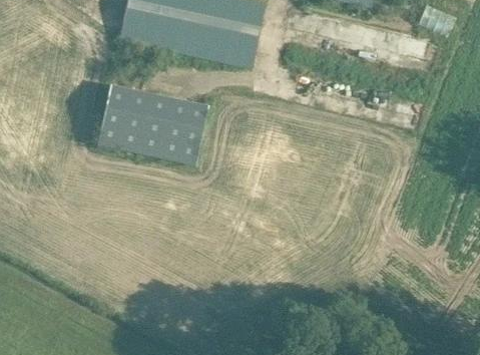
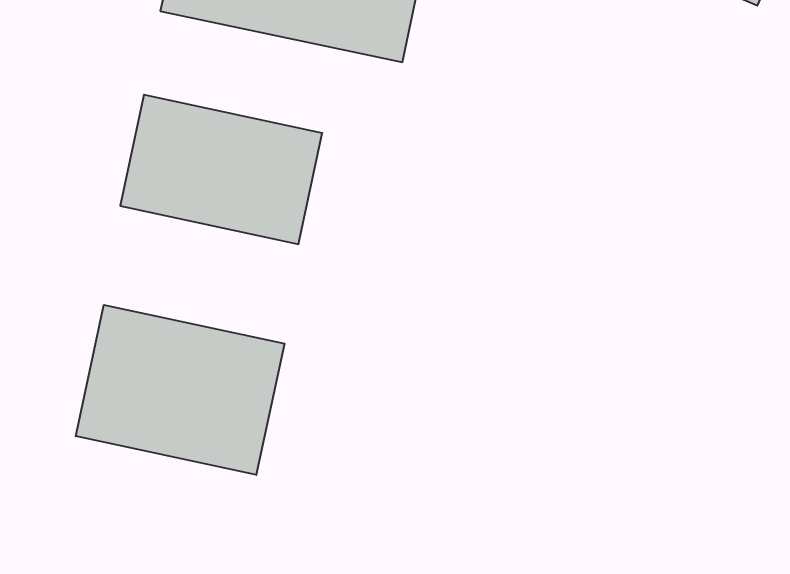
building: none -> [76,305,285,475]

